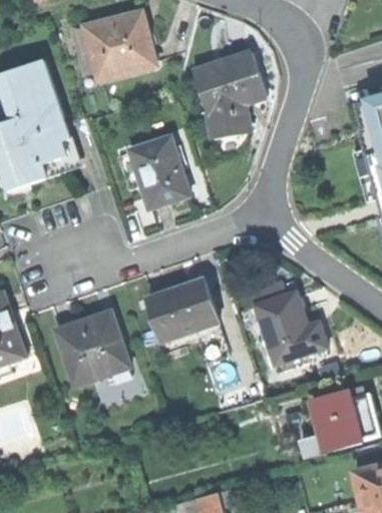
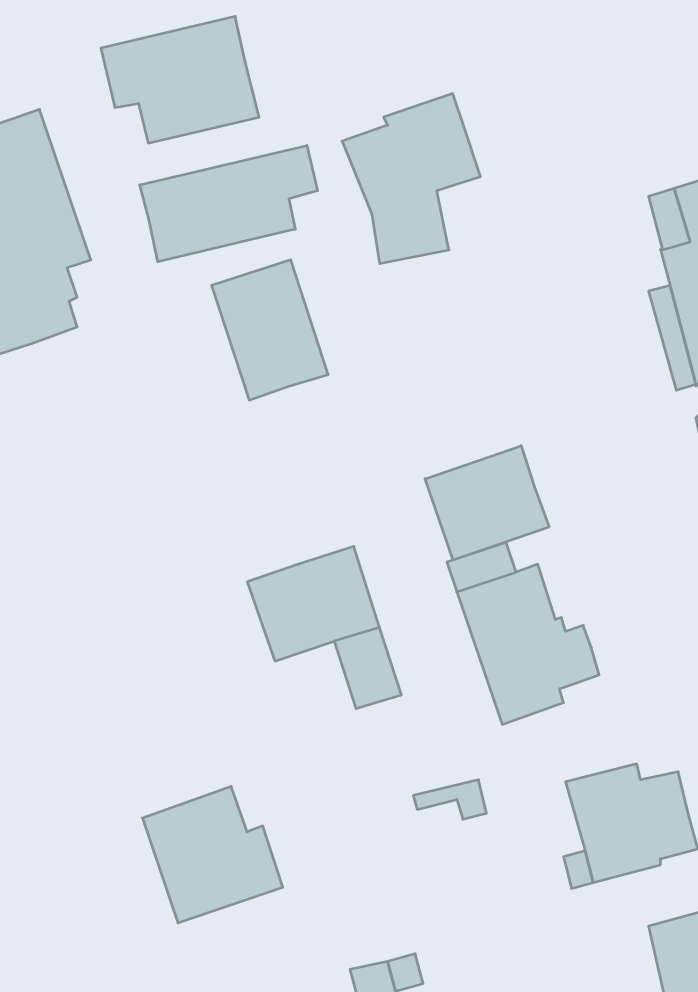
building: none -> [140,145,318,262]
building: none -> [425,446,549,560]
building: [56,313,127,382] -> [142,786,283,923]

